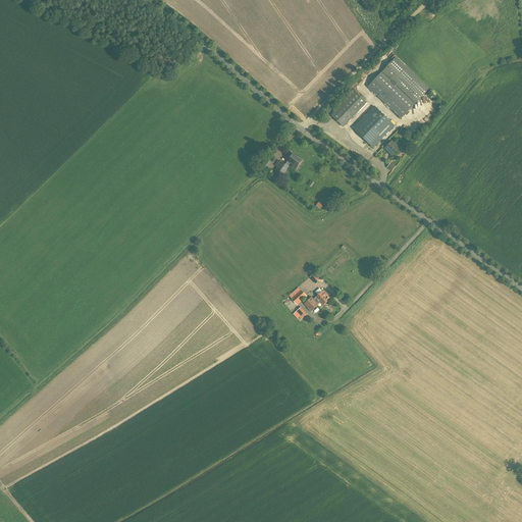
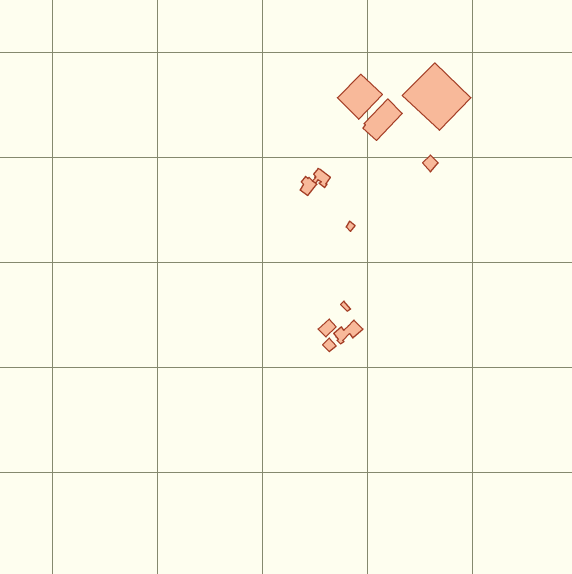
building: [352,107,393,148] -> [337,74,382,119]

